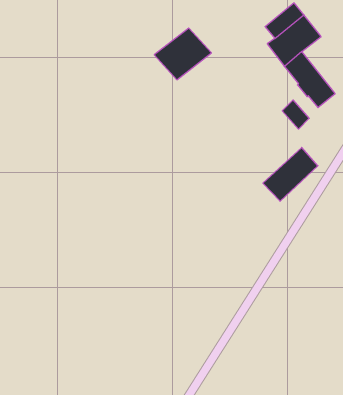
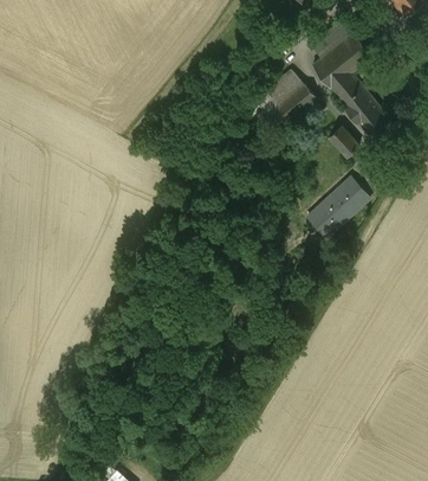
building: [154,28,211,80] -> [253,70,316,127]

